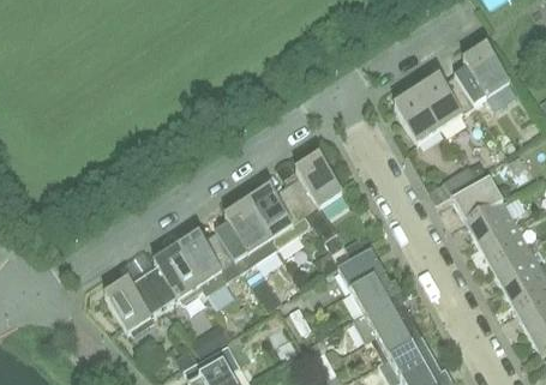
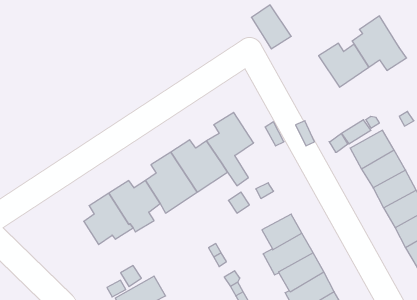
building: [395,91,440,142] -> [251,5,291,49]
building: [338,248,385,290] -> none
building: [106,279,164,333] -> none

